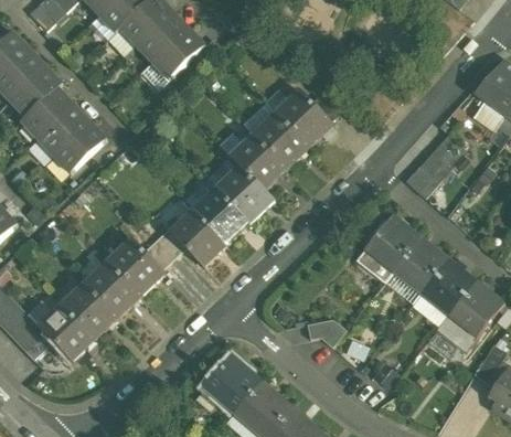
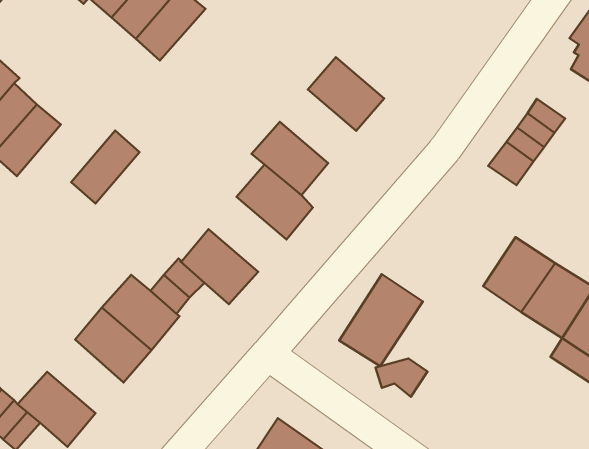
building: [253,111,309,168] -> none
building: [53,120,106,173] -> [71,131,139,204]
building: [192,186,249,244] -> none
building: [355,213,420,281] -> [339,274,423,366]
building: [62,281,118,338] -> none

